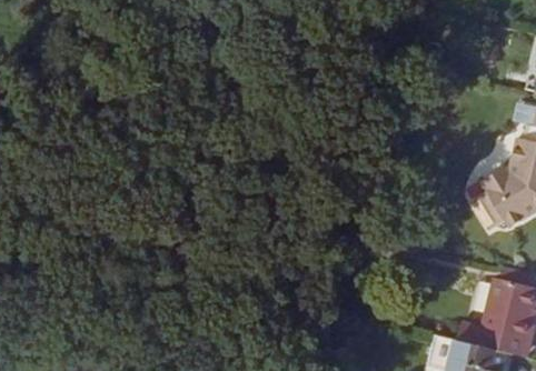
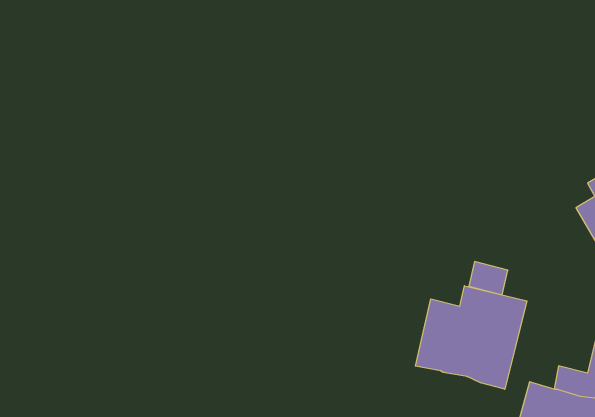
building: none -> [415,286,527,389]

